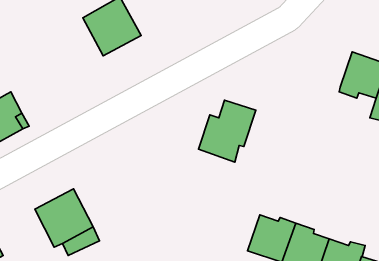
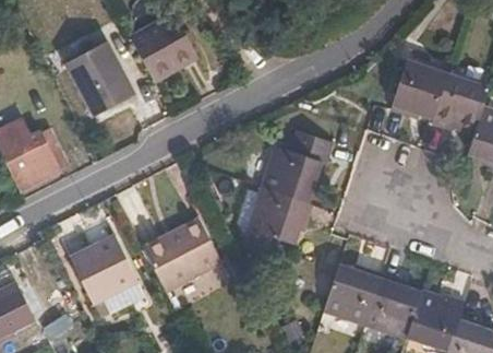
building: none -> [62,38,133,115]
building: none -> [389,62,447,117]
building: none -> [251,190,312,247]
building: none -> [144,217,220,291]

